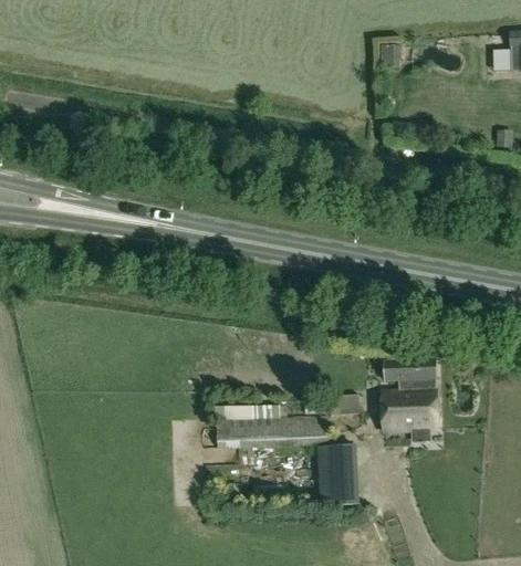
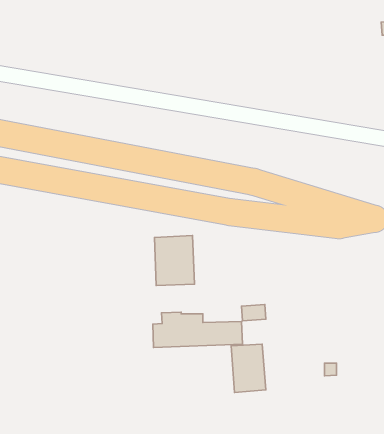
building: none -> [154,236,195,285]
building: [383,355,438,430] -> none

